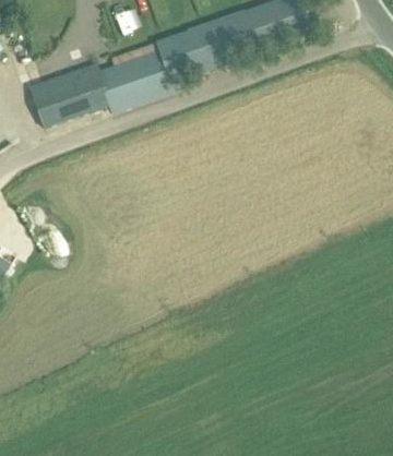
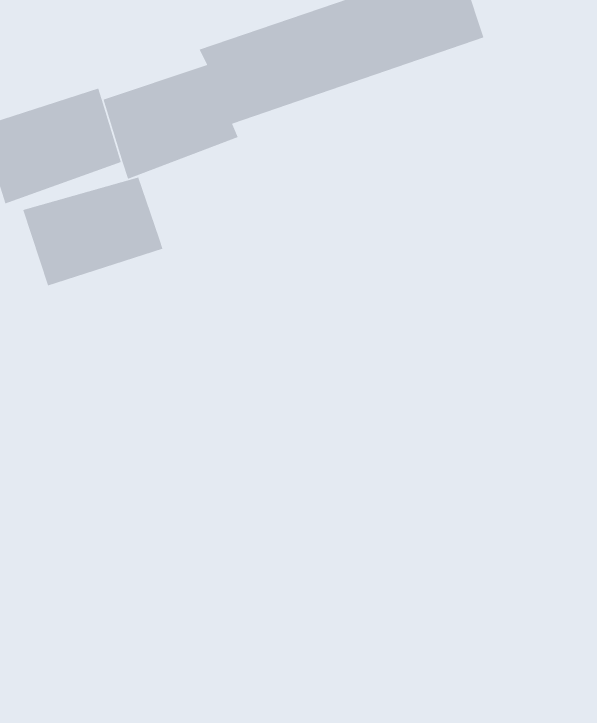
building: none -> [22,176,163,286]

